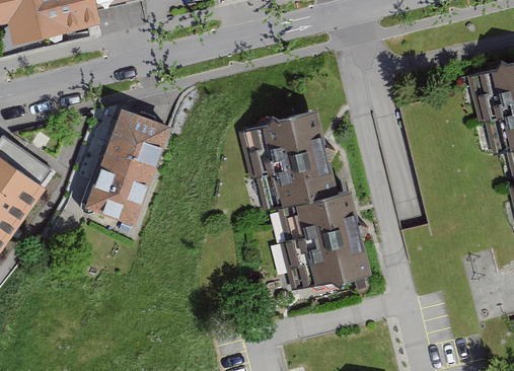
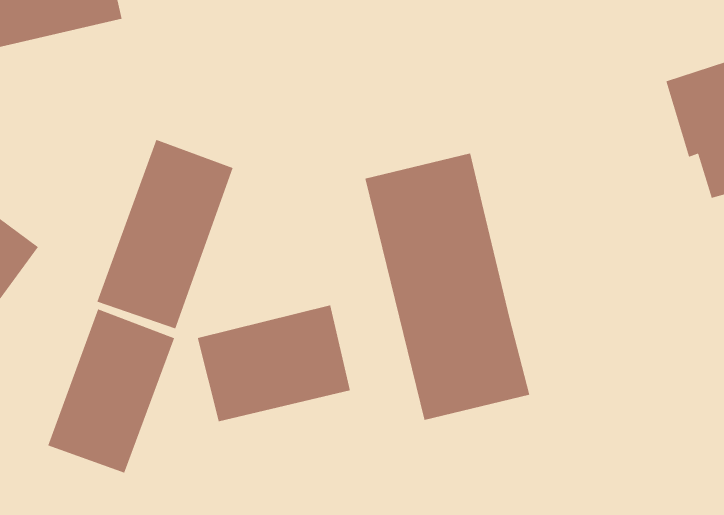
building: none -> [197,305,351,422]
building: none -> [48,309,175,473]

